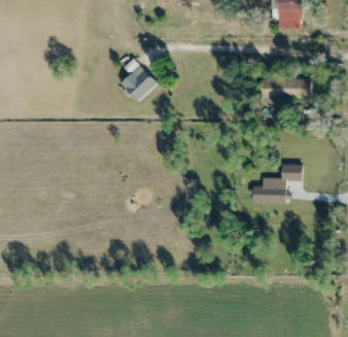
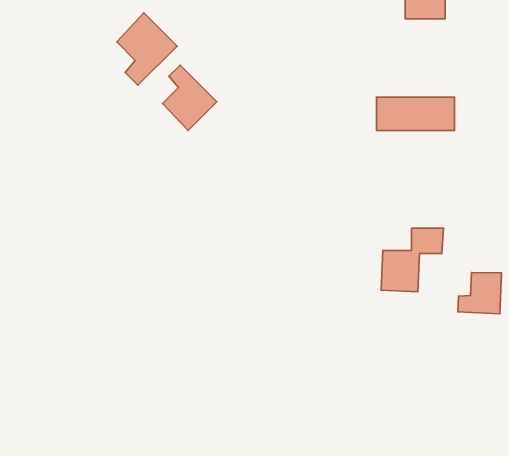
building: none -> [117,13,177,85]
building: none -> [458,273,502,314]

